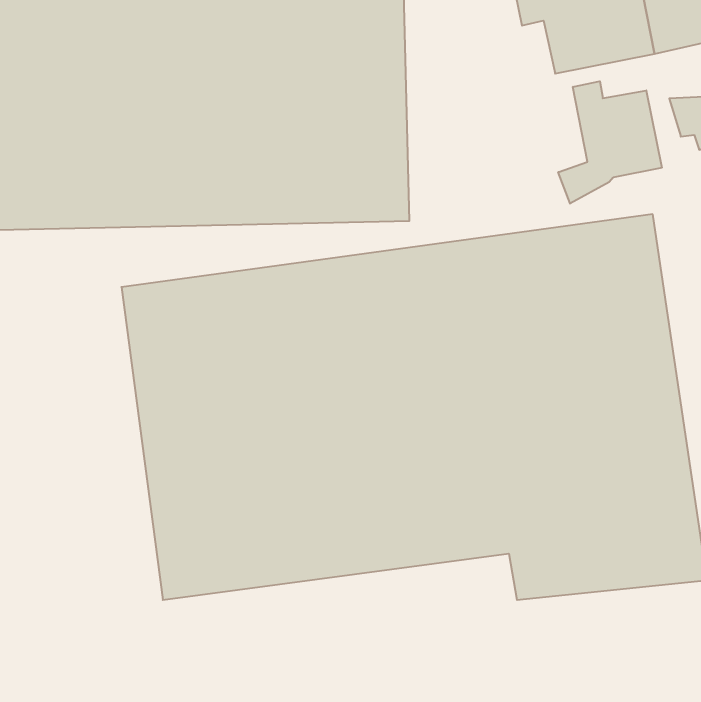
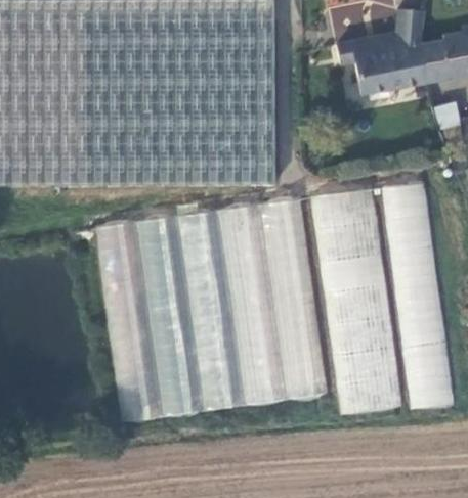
building: [558,81,662,204] -> none

